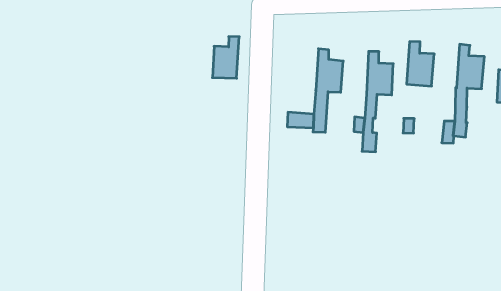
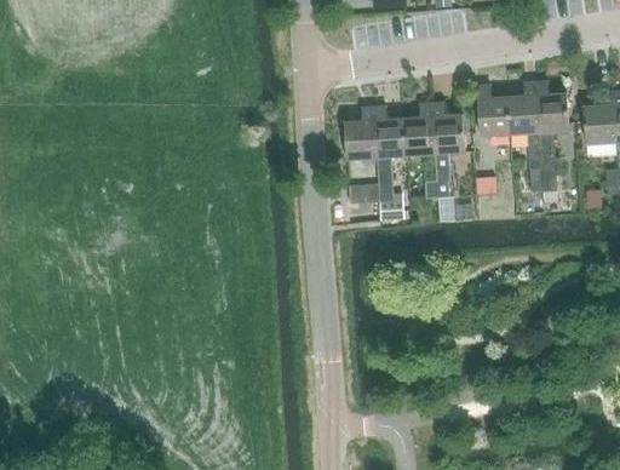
building: [212,37,239,78] -> [346,107,377,157]
building: none -> [509,82,539,134]
building: none -> [404,103,436,154]

